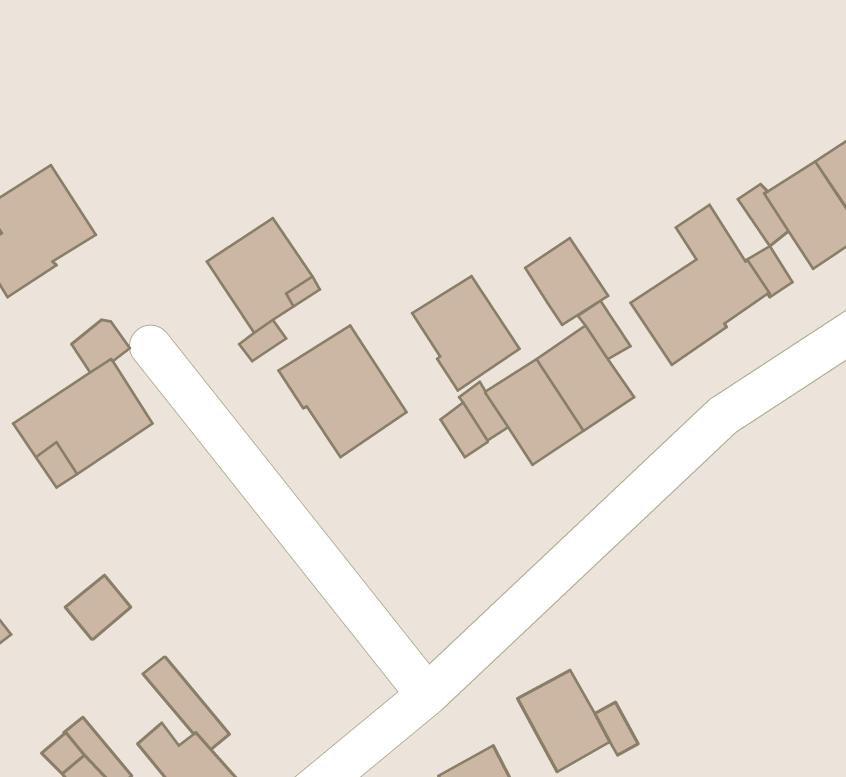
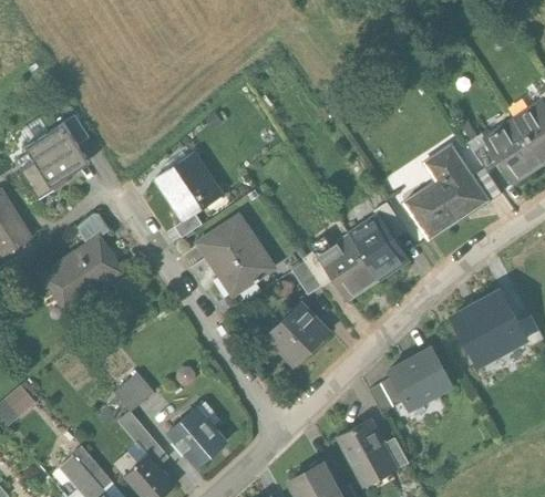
building: [525,238,608,325] -> none
building: [412,276,519,390] -> none
building: none -> [452,291,525,365]
building: none -> [265,303,329,366]
building: none -> [388,348,452,410]
building: [65,575,131,639] -> [114,374,153,412]
building: none -> [167,411,226,467]

